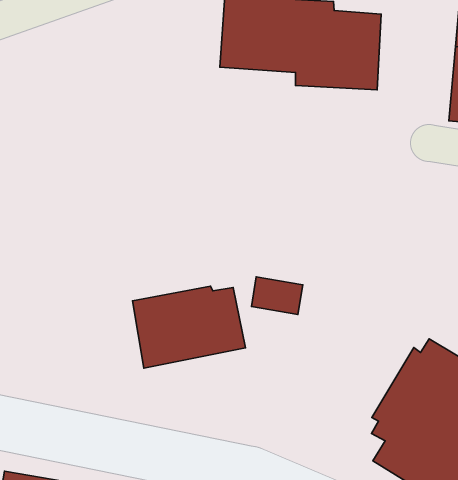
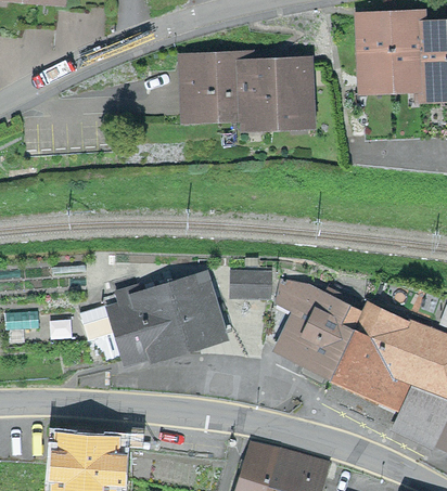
building: none -> [80,285,156,363]
building: none -> [268,276,358,380]

